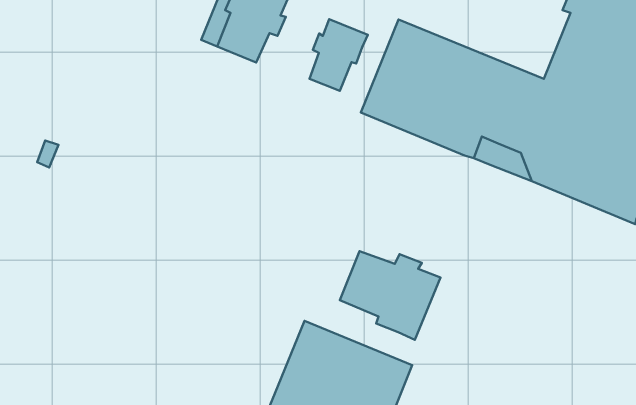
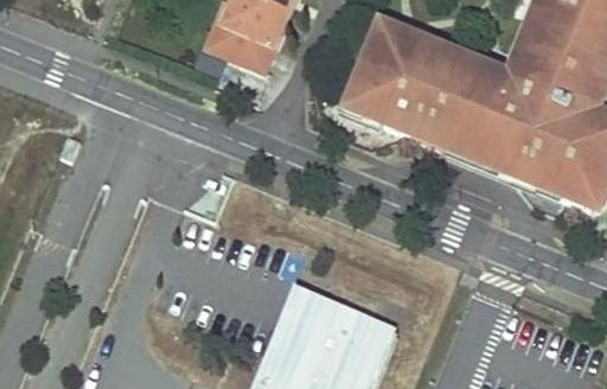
building: [309,19,368,91] -> none
building: [340,251,440,340] -> none

